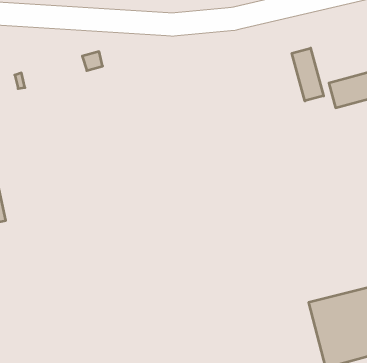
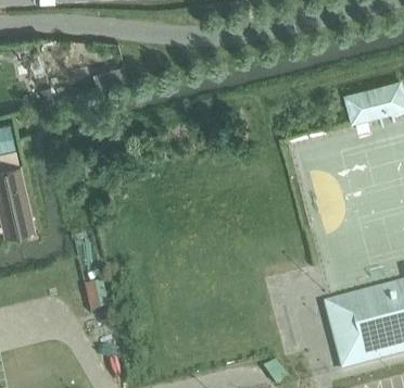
building: [292,48,324,101] -> none

